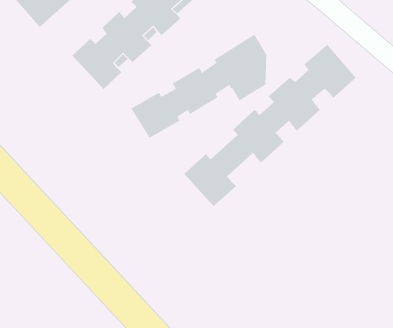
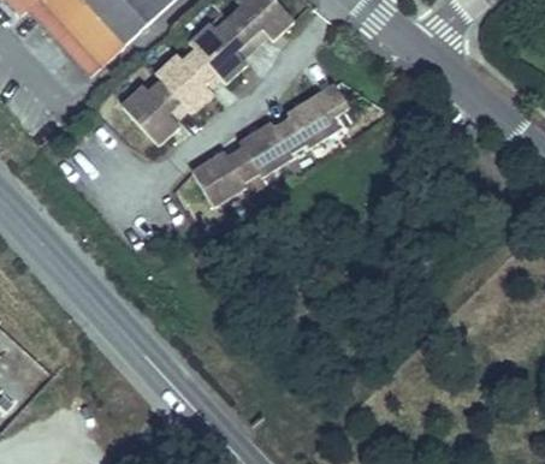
building: [184,44,356,207] -> none

